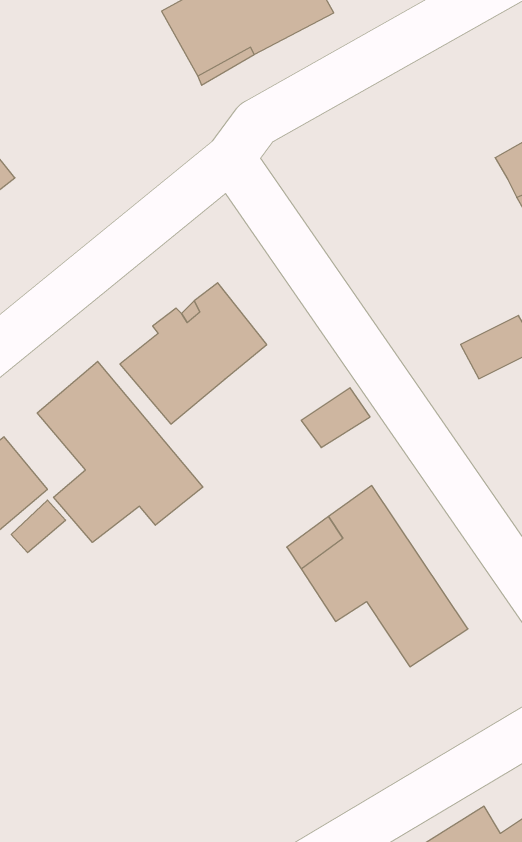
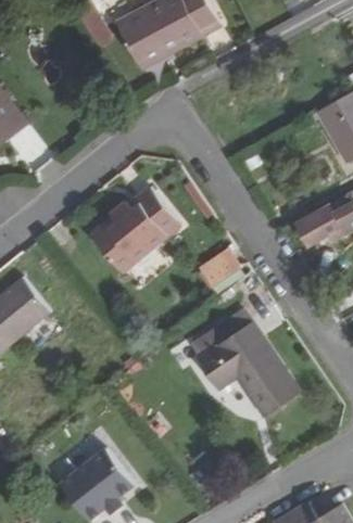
building: [37,361,203,542] -> none
building: none -> [67,449,138,516]

